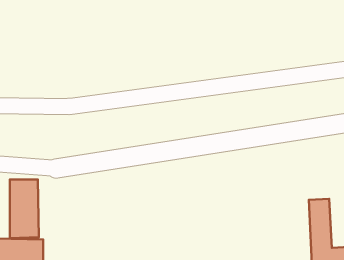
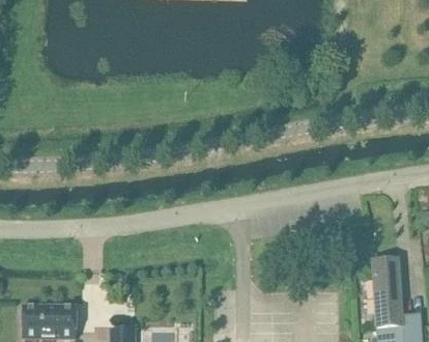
building: [10,180,39,238] -> none

